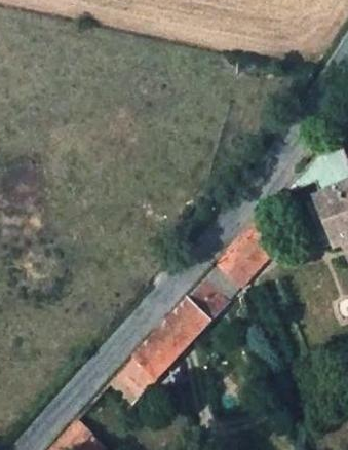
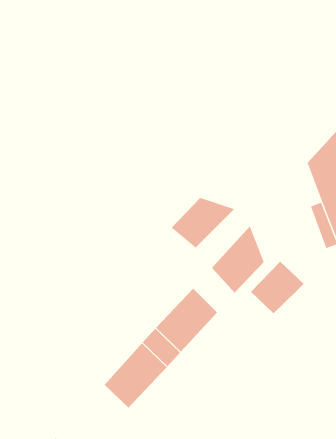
building: none -> [171,197,235,248]
building: none -> [250,261,305,314]

